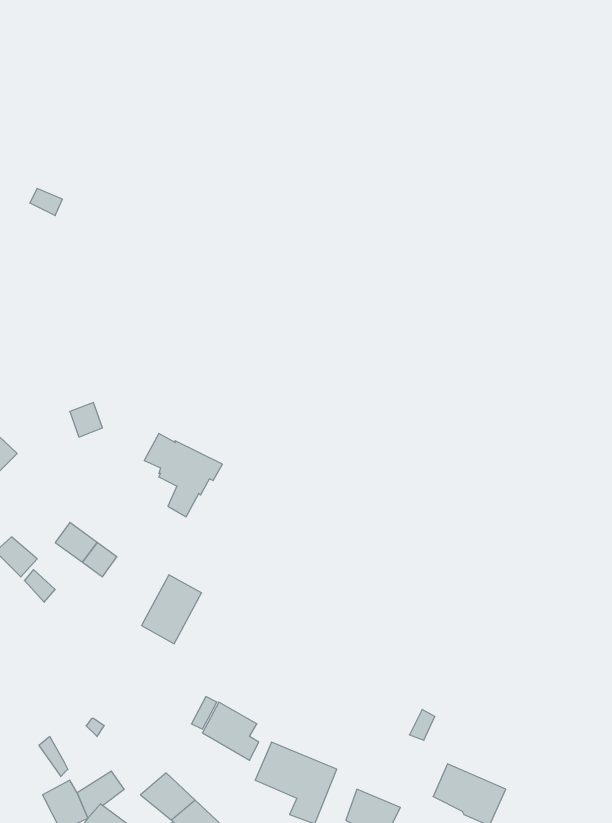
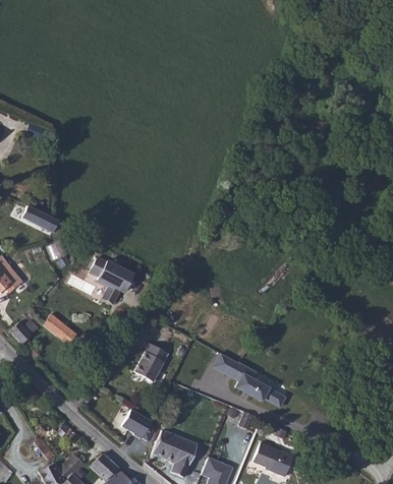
building: none -> [25,202,55,227]
building: [142,575,202,644] -> [134,346,168,384]
building: none -> [213,355,288,410]

